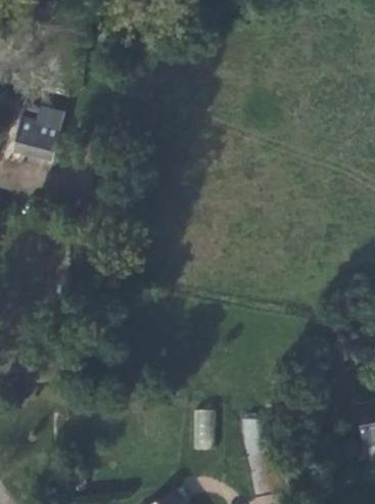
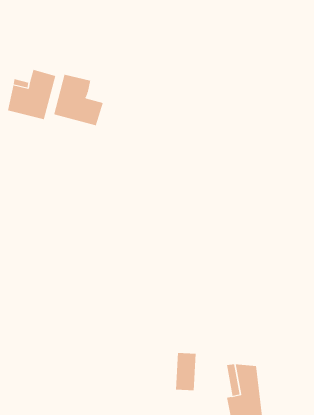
building: none -> [54,74,104,126]

